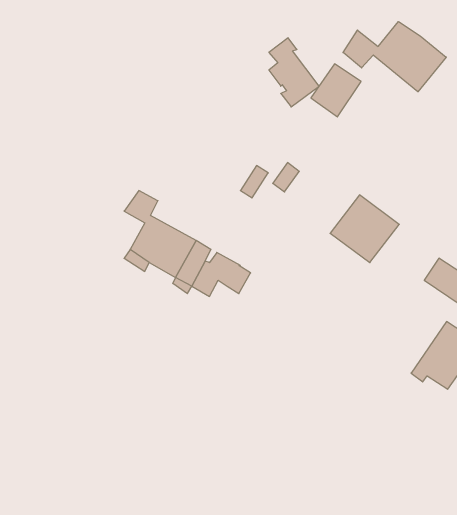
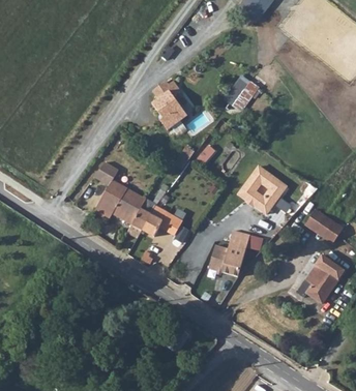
building: [343,22,446,92] -> none
building: [269,38,319,107] -> [152,81,187,129]
building: none -> [208,230,249,275]

